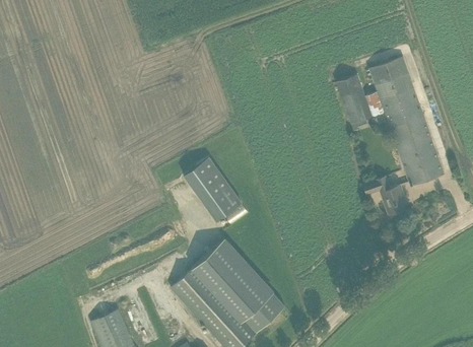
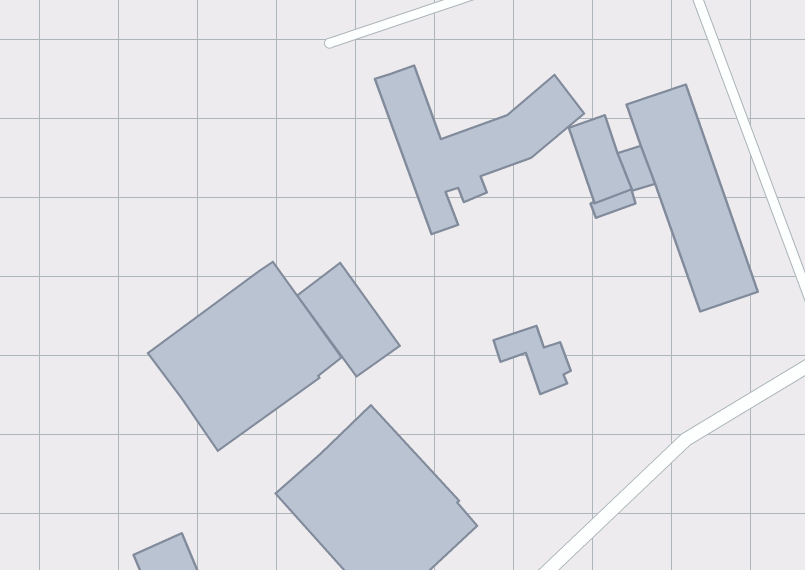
building: none -> [375,65,584,234]
building: none -> [148,262,342,451]
building: [362,177,406,215] -> [493,326,571,394]

